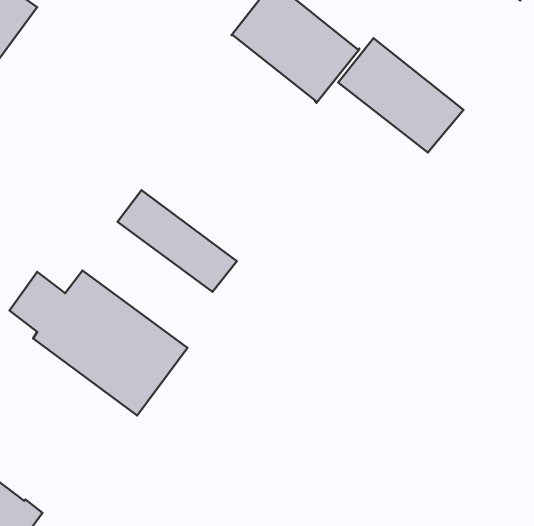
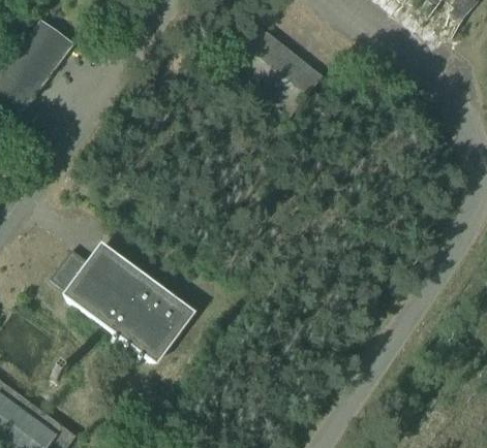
building: [338,38,463,153] -> none
building: [118,190,237,292] -> none

